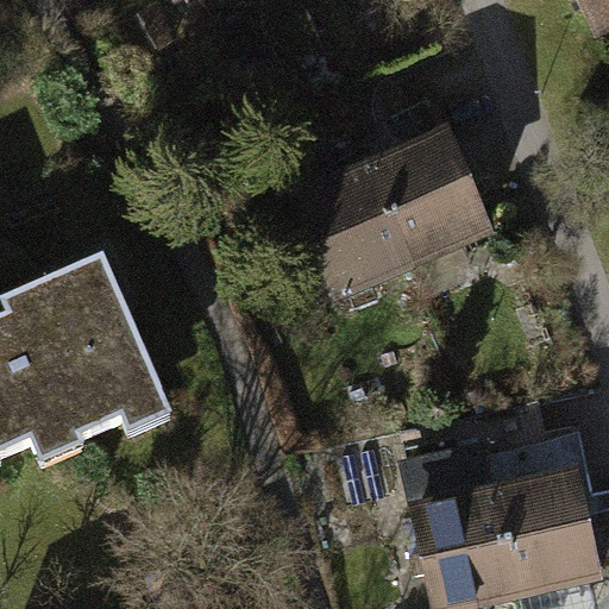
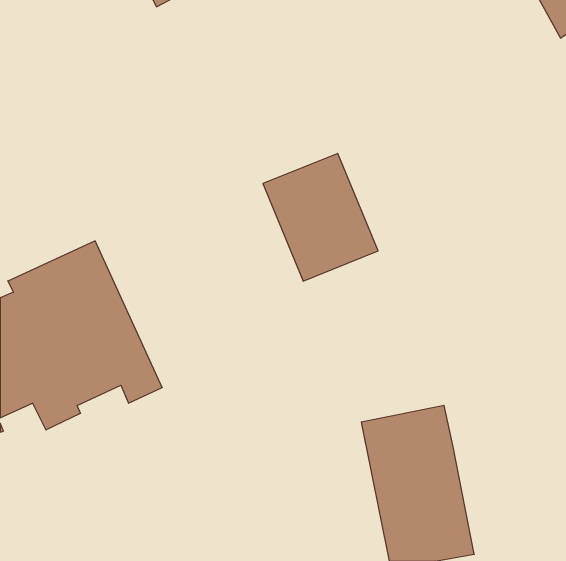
building: [365,131,488,266] -> none
building: [488,458,598,589] -> none

